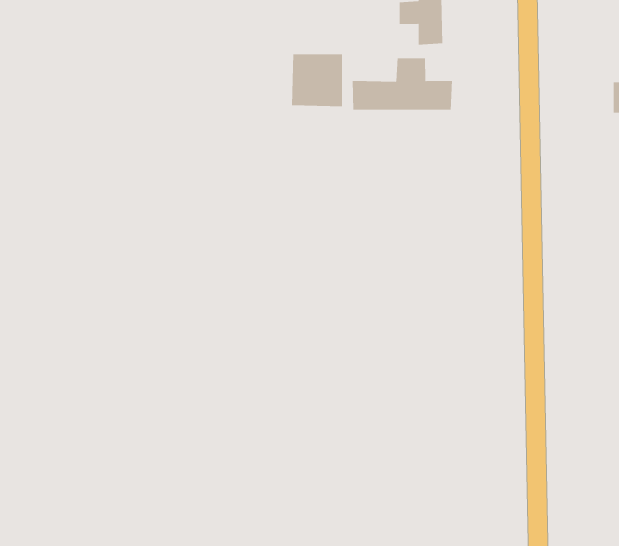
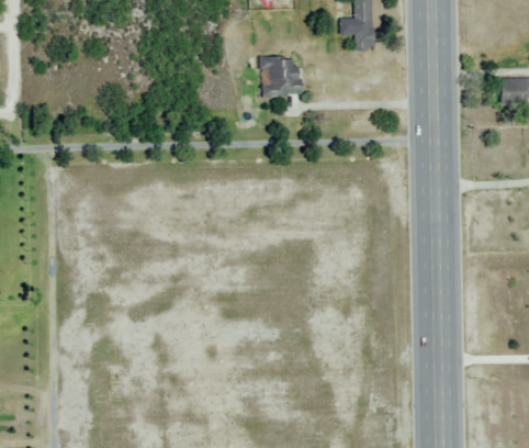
building: [352,57,452,111] -> none

